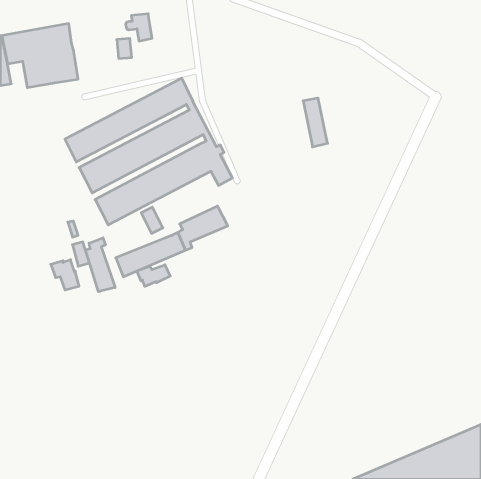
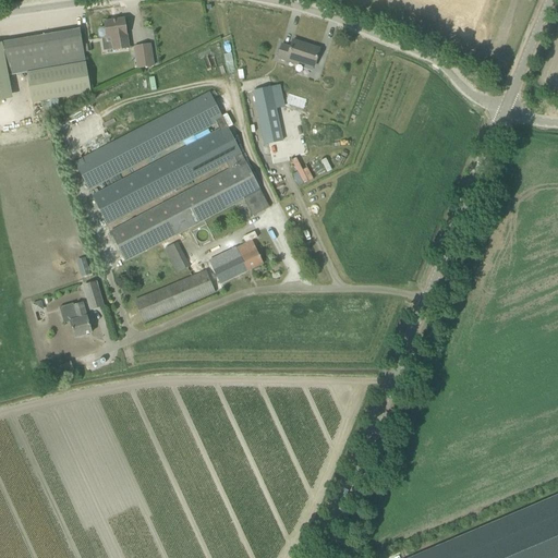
building: [126,14,152,41] -> [98,17,129,49]
building: none -> [277,38,319,65]
building: [303,98,328,147] -> [254,86,282,143]
building: [86,238,115,292] -> none
building: [137,265,170,286] -> none

